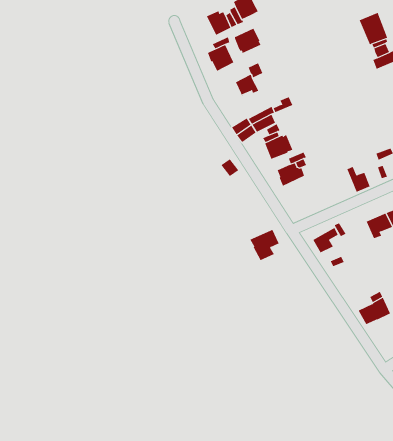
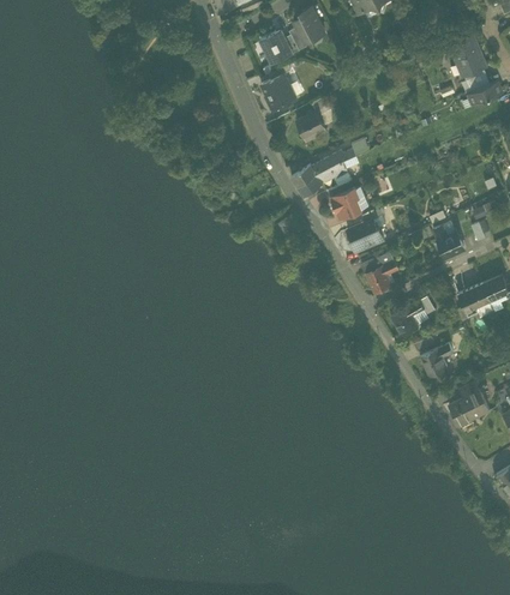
building: [234,28,261,54] -> none
building: [250,229,280,261] -> [360,252,397,292]
building: none -> [420,343,452,375]

